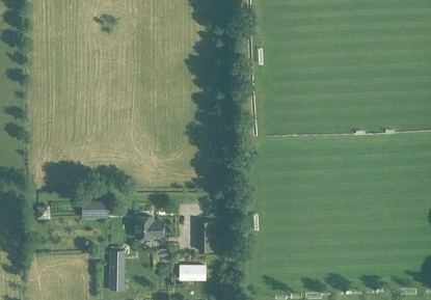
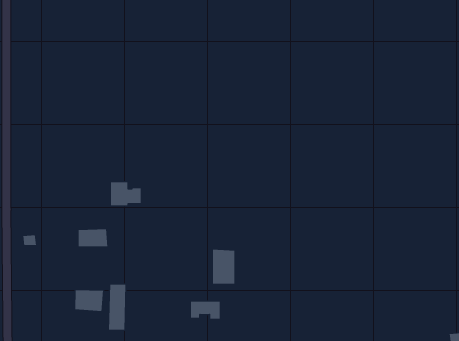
building: [135,218,162,239] -> [110,182,141,206]
building: none -> [75,290,103,312]

